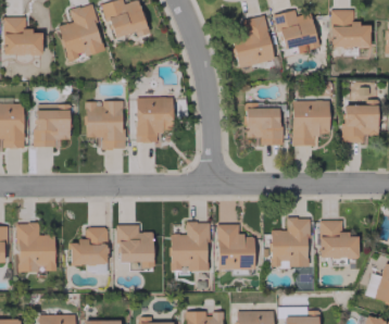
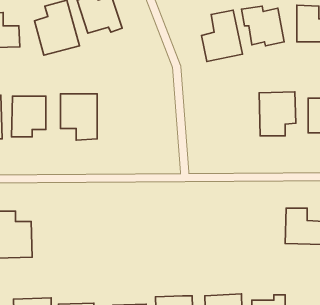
building: [136,98,174,144] -> none
building: [246,103,281,146] -> none
building: [271,219,309,267] -> none
building: [171,222,210,271] -> none
building: [217,224,255,270] -> none
building: [118,225,154,270] -> none
building: [71,228,109,265] -> none

